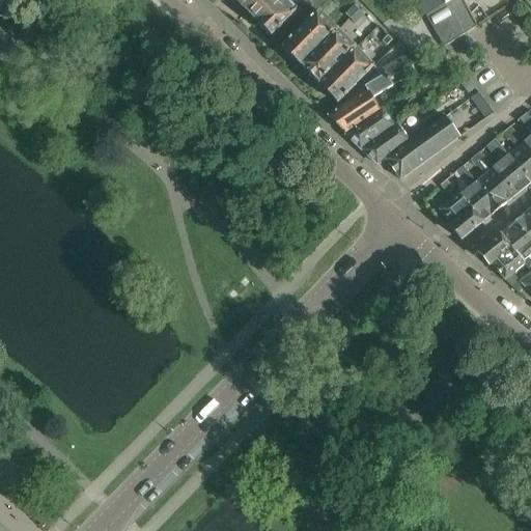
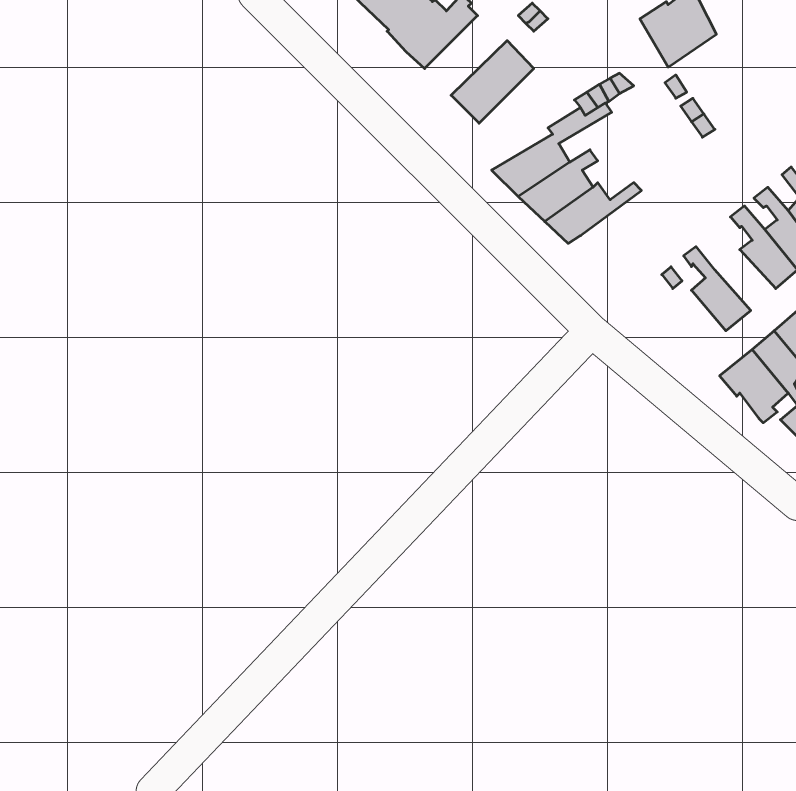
building: [283,9,338,63] -> none
building: [319,46,374,101] -> none
building: [387,114,460,177] -> none
building: [471,149,516,206] -> none
building: [440,191,483,237] -> none

